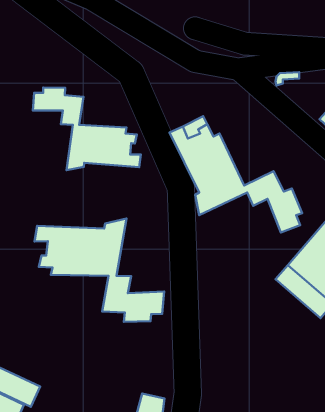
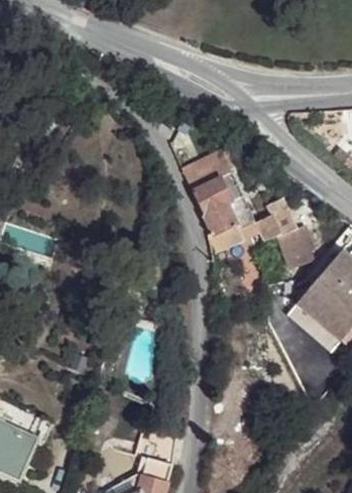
building: [33,87,141,170] -> none
building: [35,219,164,322] -> none

